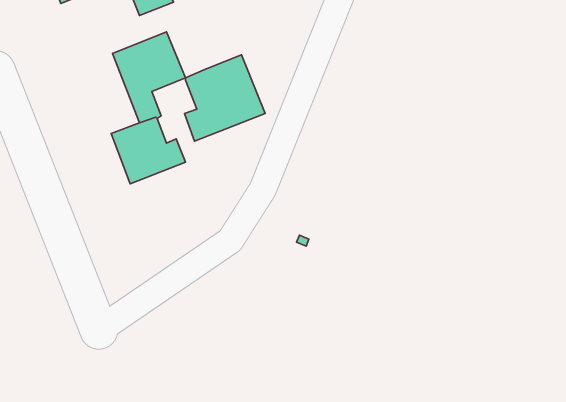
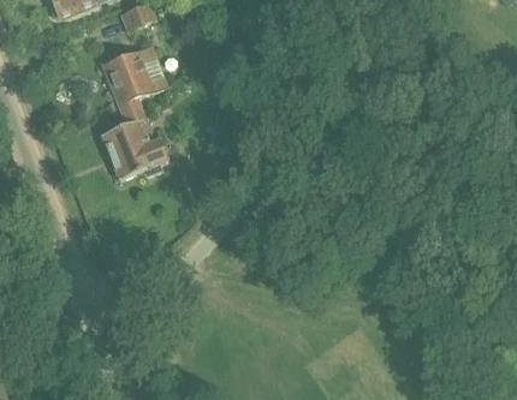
building: [184,55,265,141] -> none

